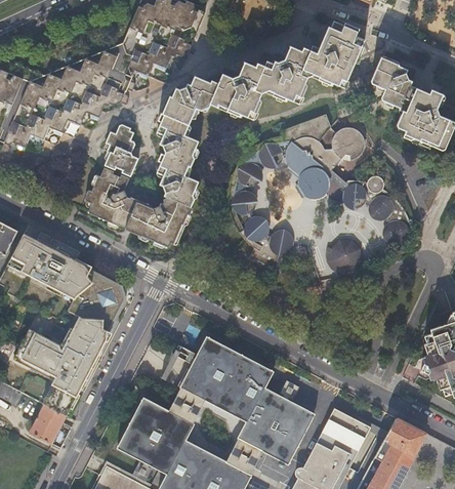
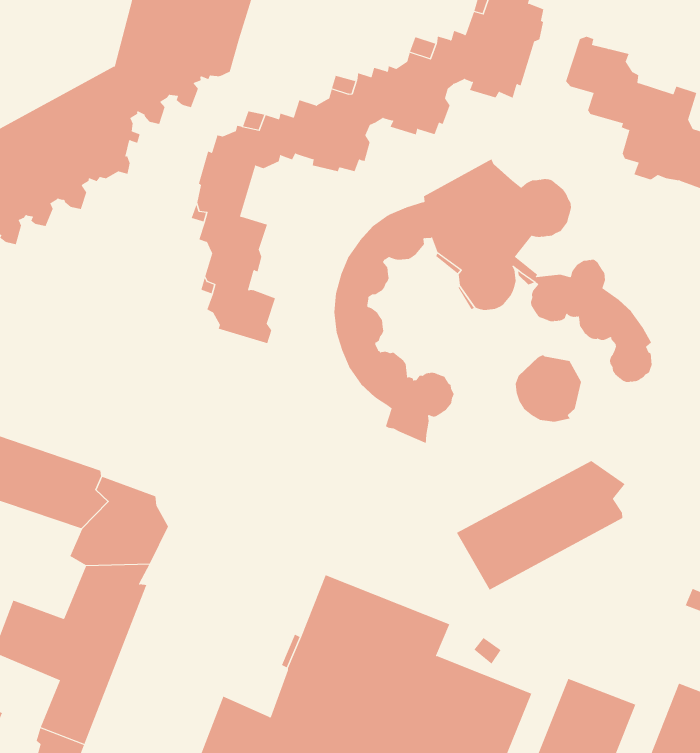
building: [104,124,136,173] -> none
building: [85,169,192,248] -> none
building: none -> [456,460,625,591]

